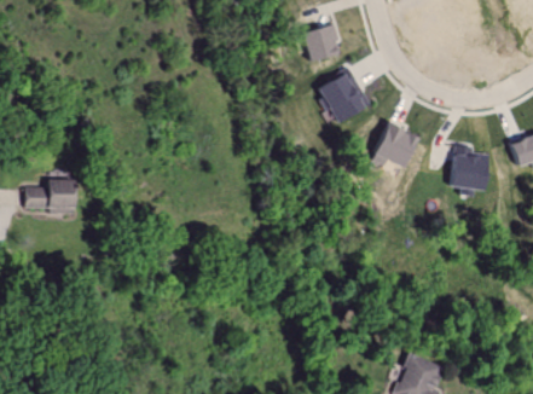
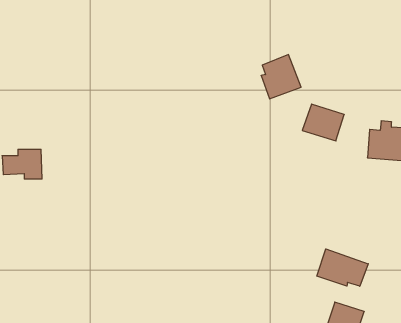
building: [301,24,347,63] -> none
building: none -> [317,249,368,286]

